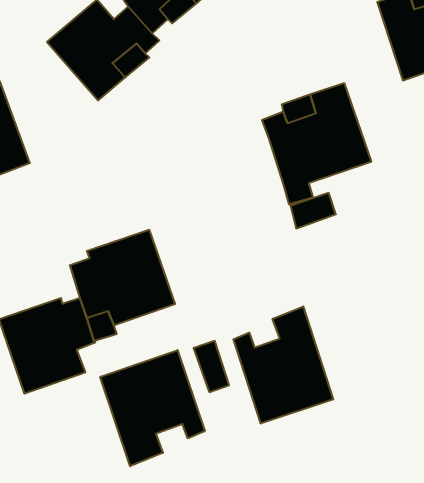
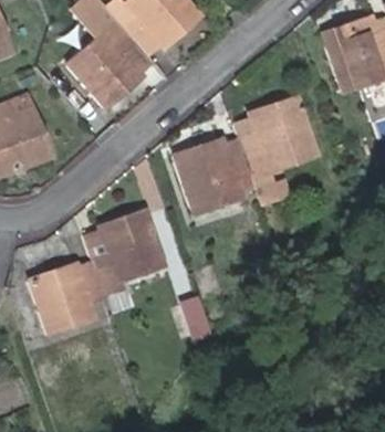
building: none -> [174,137,250,215]
building: [233,306,333,424] -> none
building: [100,350,205,466] -> none

